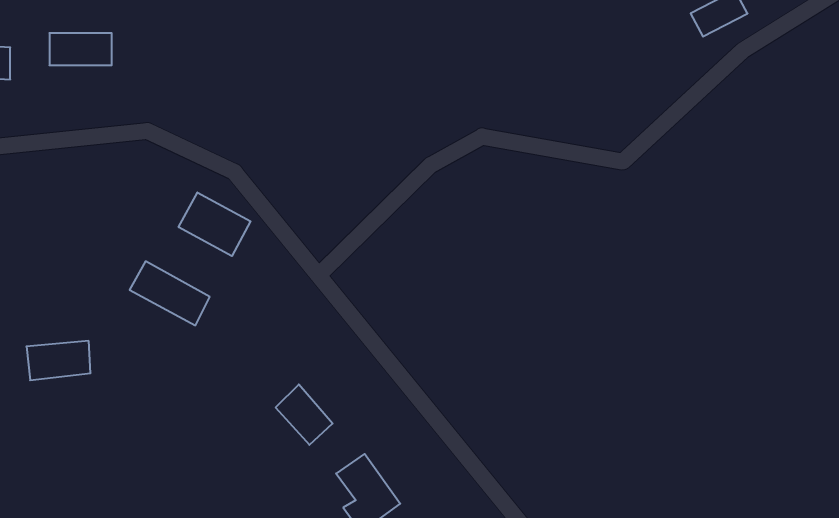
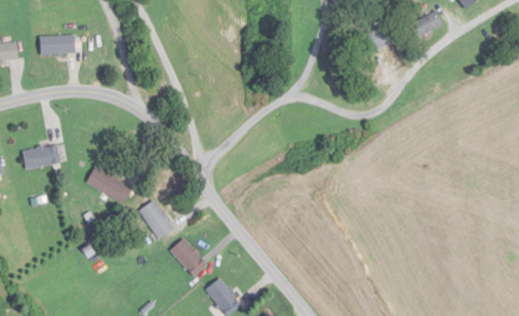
building: [179,192,251,256] -> none
building: none -> [139,200,173,239]
building: [26,341,91,380] -> [23,146,59,168]

